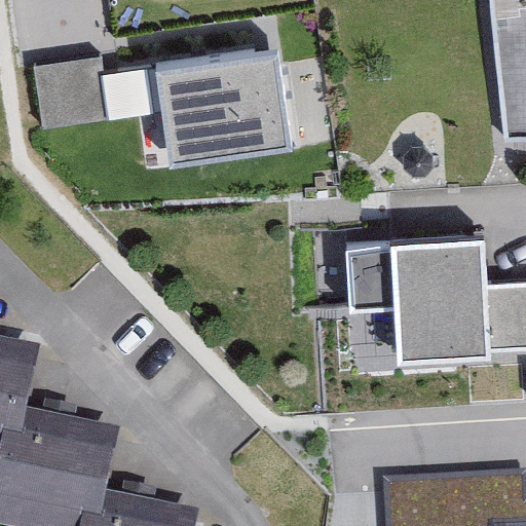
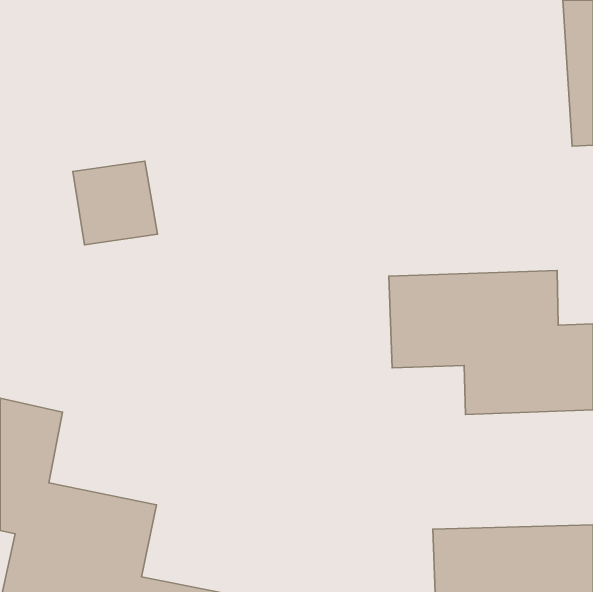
building: [155,43,289,155] -> none
building: [35,53,110,127] -> [73,161,157,245]

